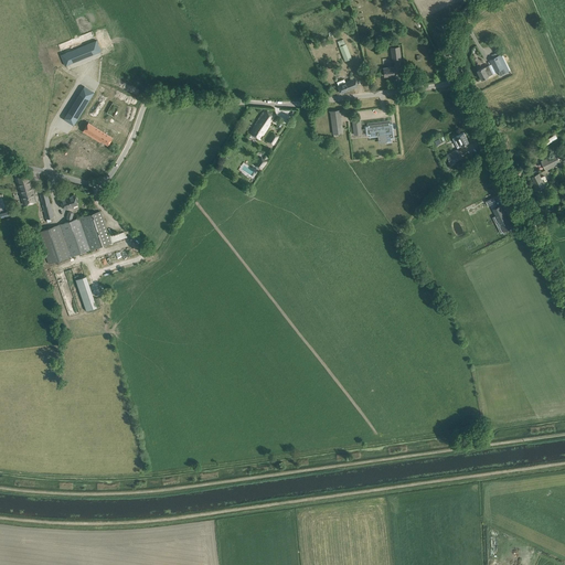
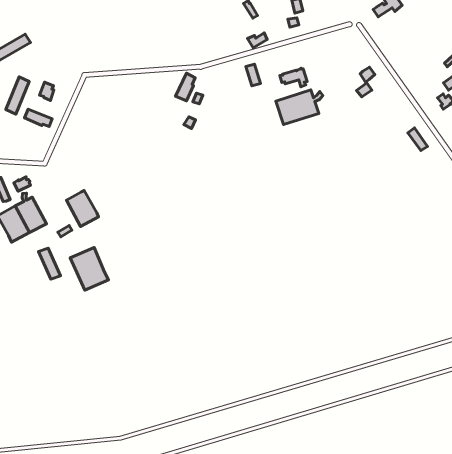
building: none -> [276,90,323,124]
building: [78,211,110,249] -> [66,190,99,227]
building: none -> [70,247,109,290]

